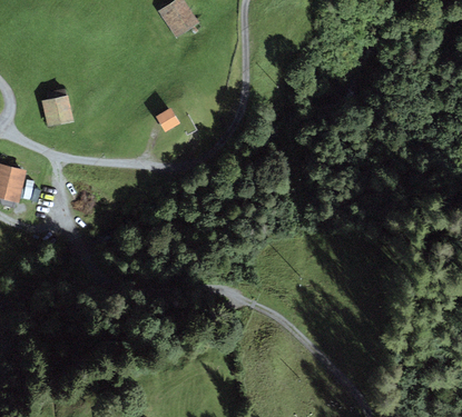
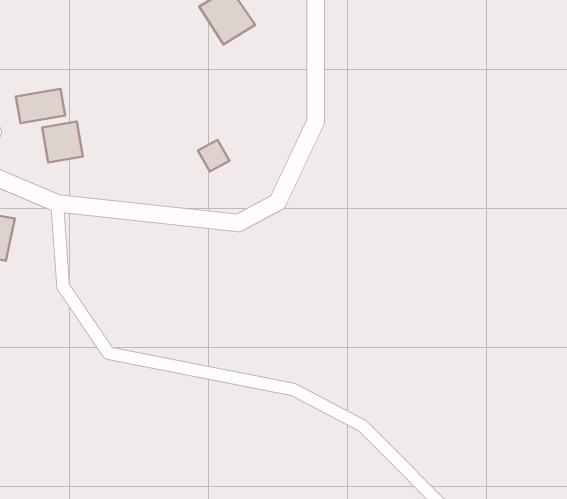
building: none -> [16,89,65,123]

